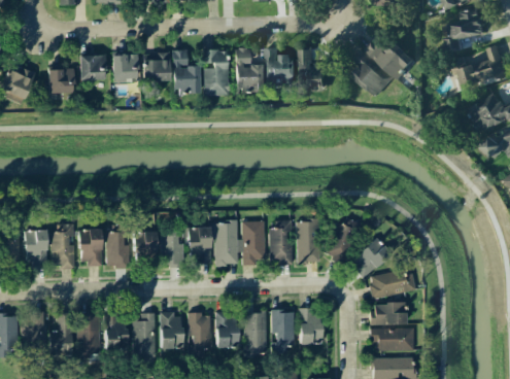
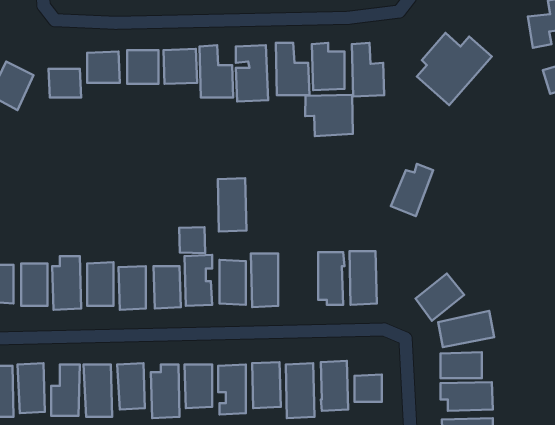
building: none -> [305,95,353,136]
building: none -> [179,227,205,253]
building: [324,217,359,261] -> [391,164,433,216]
building: [241,220,265,265] -> [218,178,246,232]

